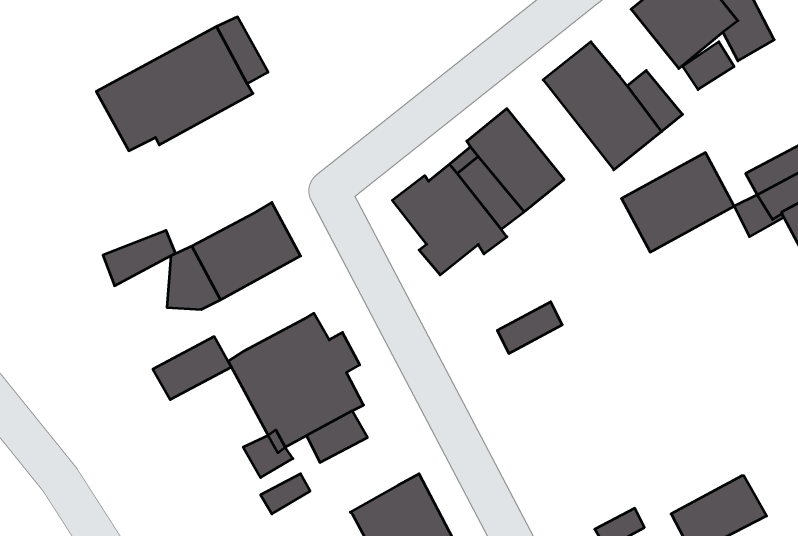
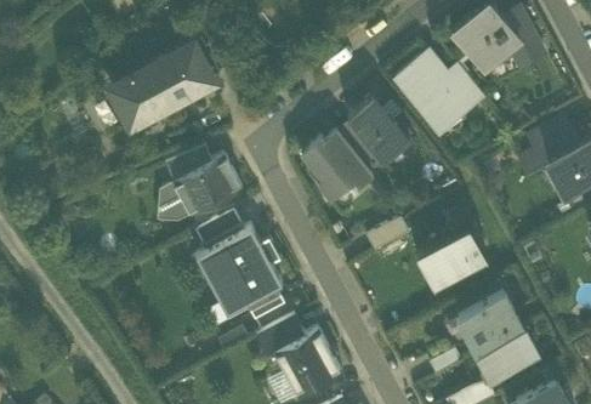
building: [621,153,734,252] -> [415,224,487,288]
building: [103,230,176,286] -> [165,147,211,182]
building: [153,337,231,400] -> [194,209,244,249]
building: none -> [458,292,522,352]
building: none -> [255,314,303,355]

